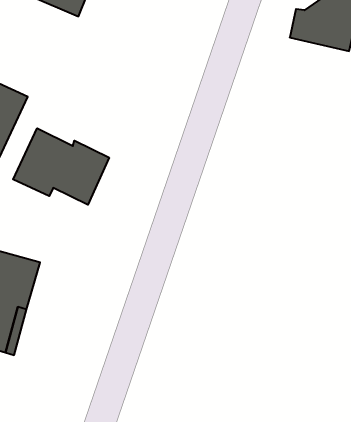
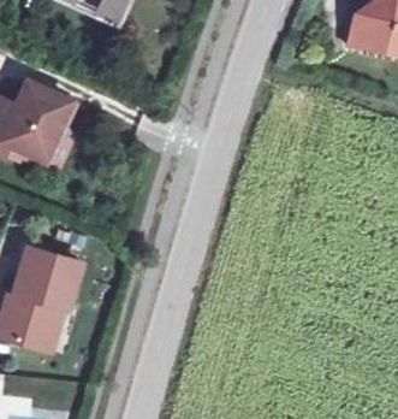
building: [13,128,109,205] -> none

